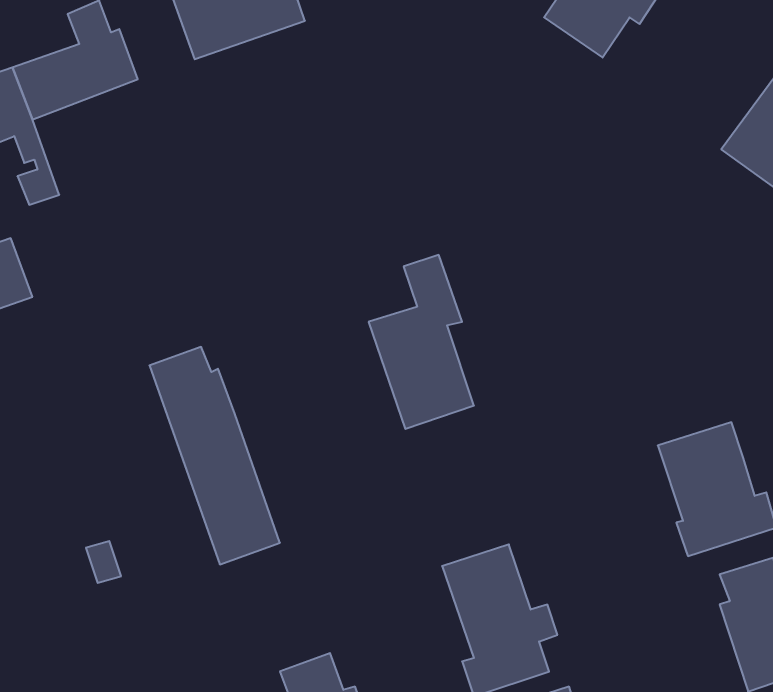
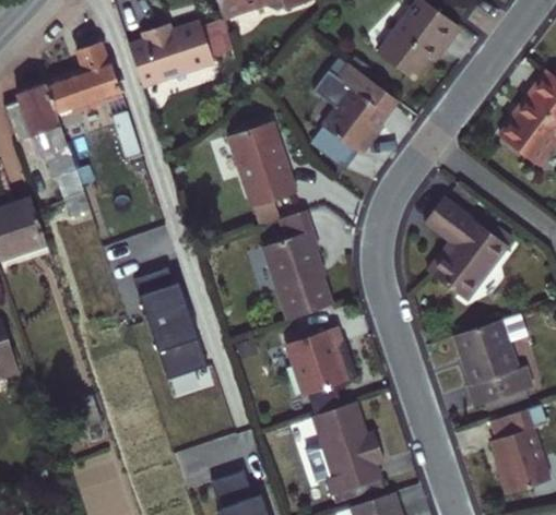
building: none -> [316,56,403,156]
building: none -> [230,122,298,225]
building: none -> [426,195,509,298]
building: none -> [289,325,351,395]

